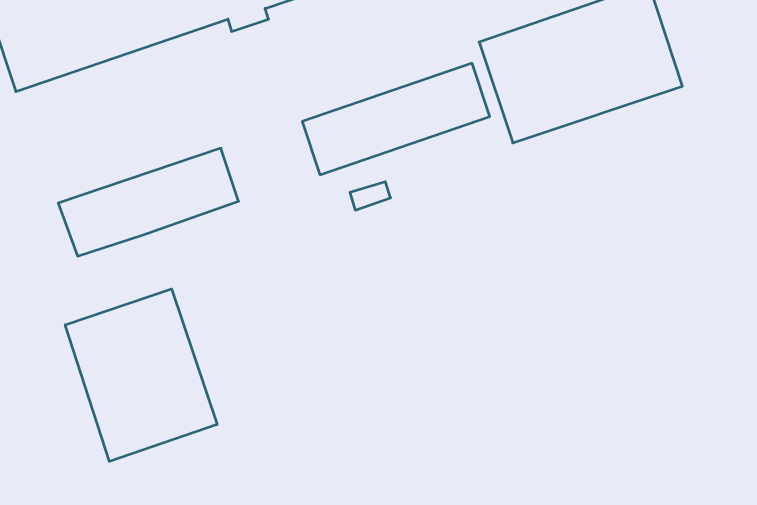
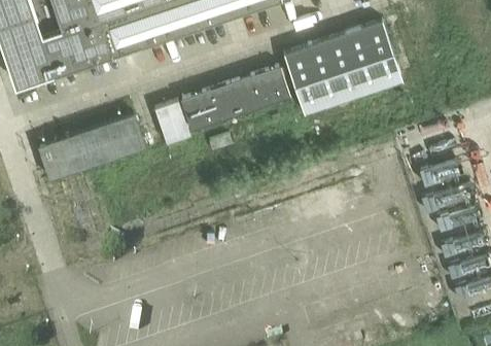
building: none -> [154,101,189,144]
building: [65,289,217,461] -> none

